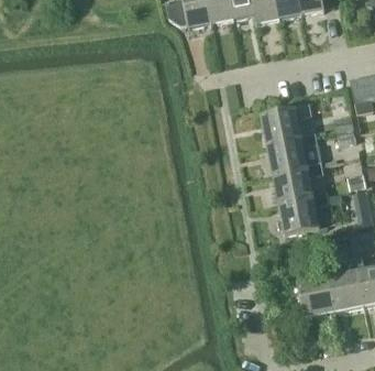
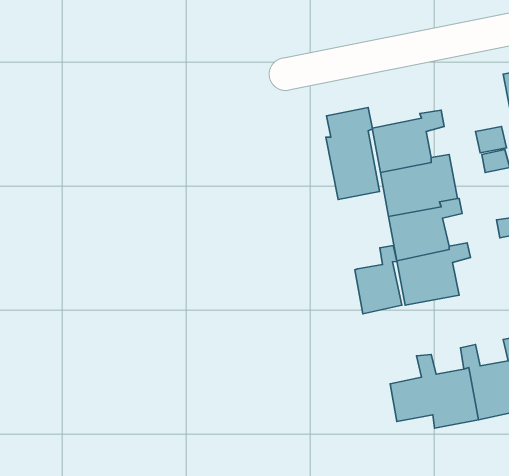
building: none -> [326,108,380,200]
building: none -> [355,245,402,314]

